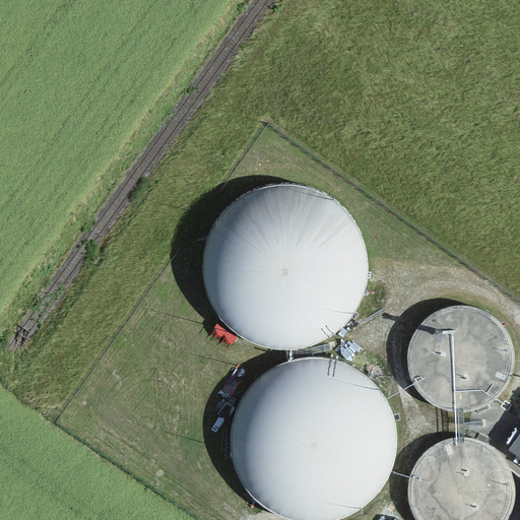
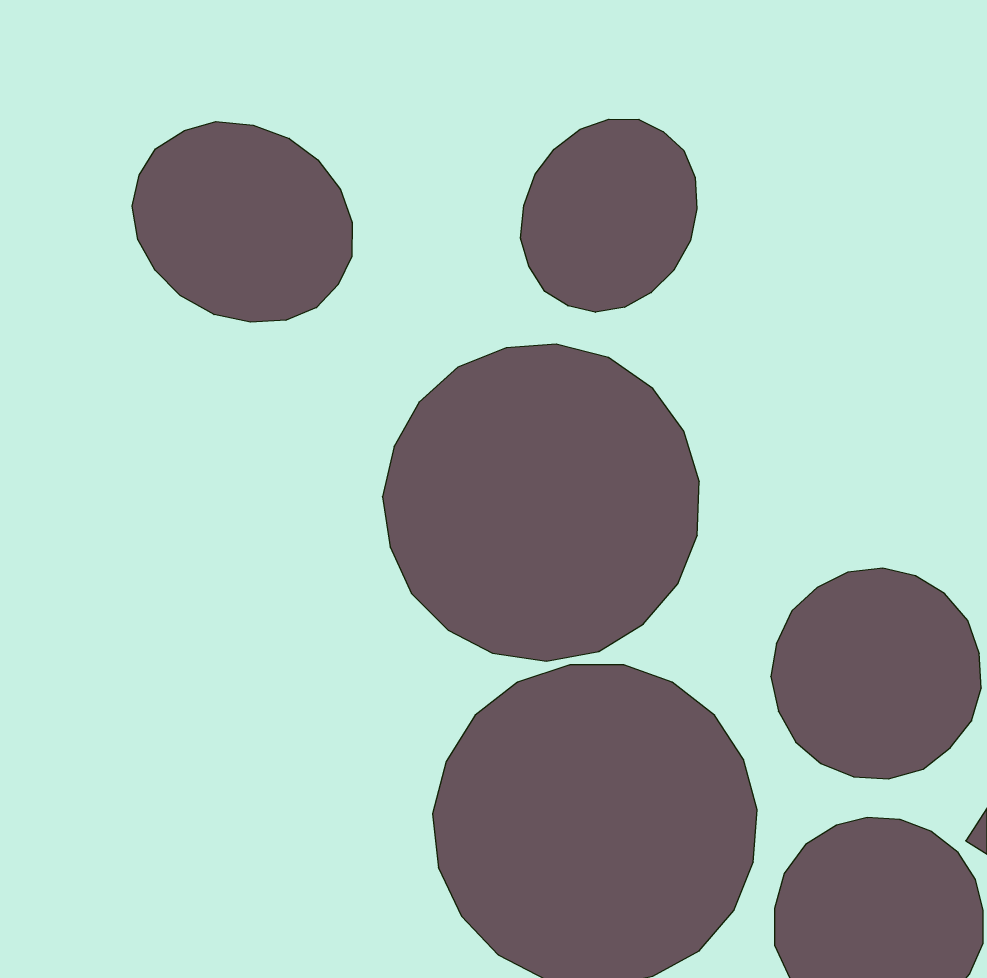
building: none -> [521,119,697,312]
building: none -> [132,122,352,322]

